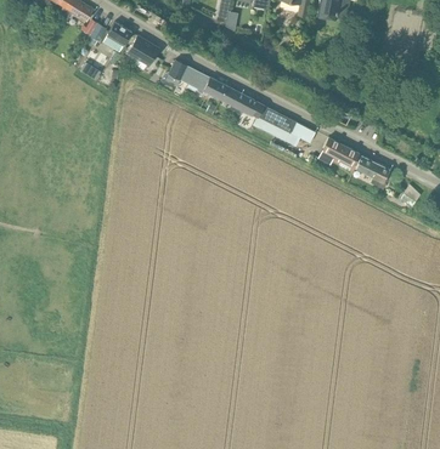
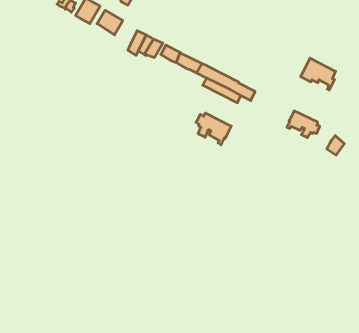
building: [318,137,360,175] -> [301,58,336,90]
building: none -> [196,113,231,145]

